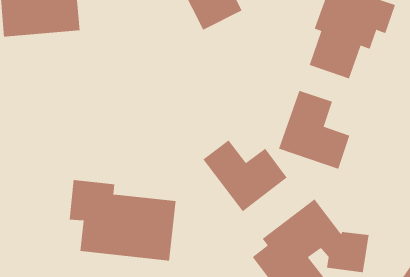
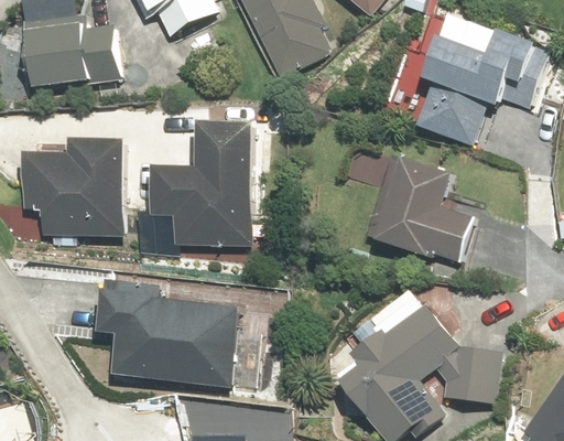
building: none -> [153,122,254,246]
building: none -> [23,140,123,237]
building: [203,140,288,212] -> none

